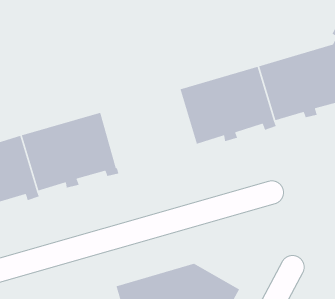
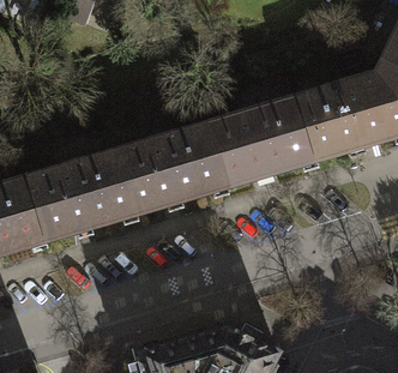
building: none -> [119,125,230,215]

